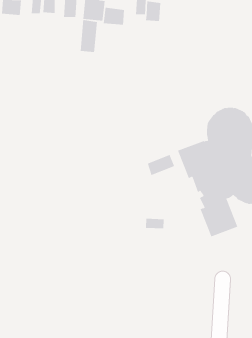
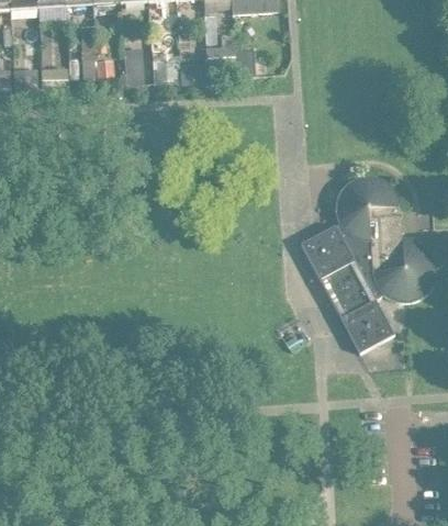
building: [80,19,97,53] -> none
building: [147,154,175,176] -> none

